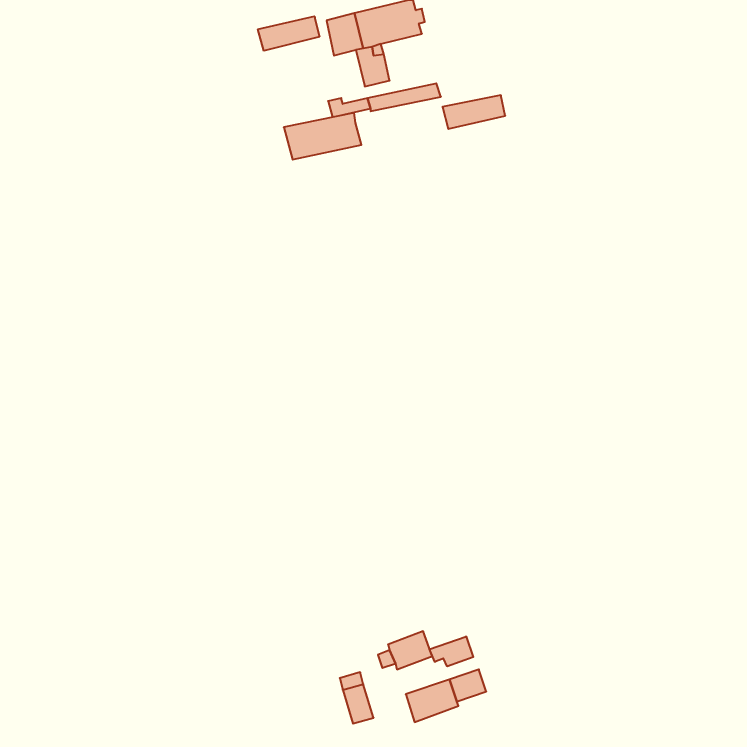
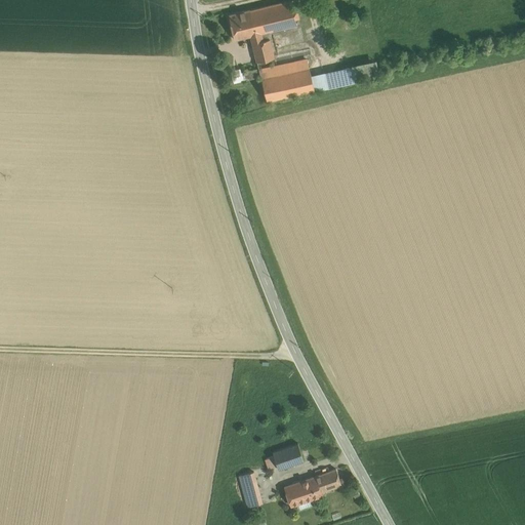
building: [258,16,319,51] -> none
building: [284,113,361,160] -> [259,69,314,102]
building: [430,636,473,666] -> none

